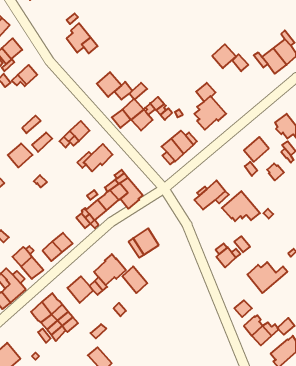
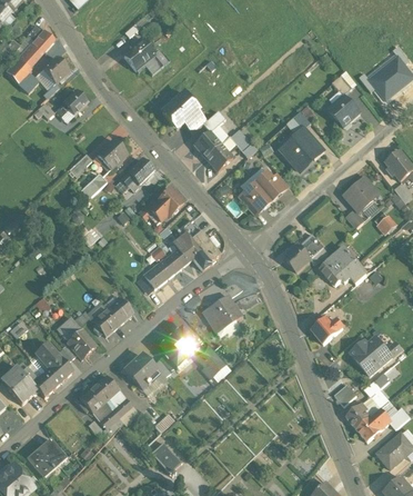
building: [212,44,236,68] -> [330,98,360,128]
building: [8,143,33,167] -> [97,139,128,169]

